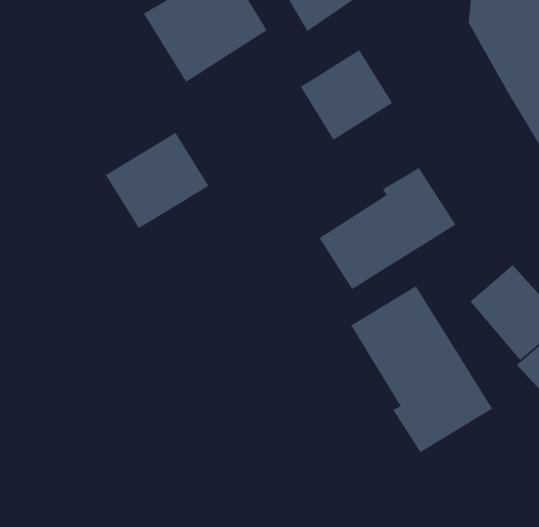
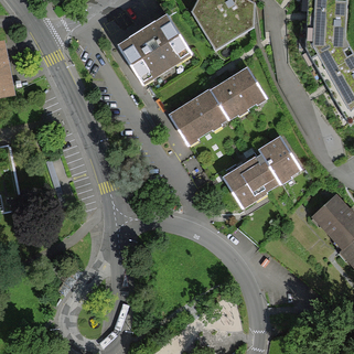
building: [105,132,209,229] -> [169,88,230,146]
building: [350,285,493,453] -> none

